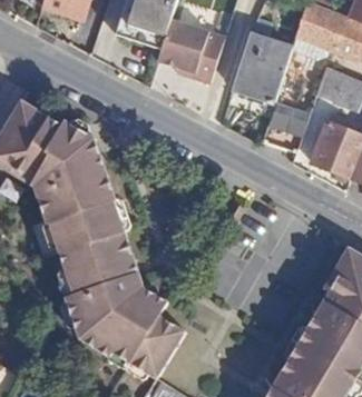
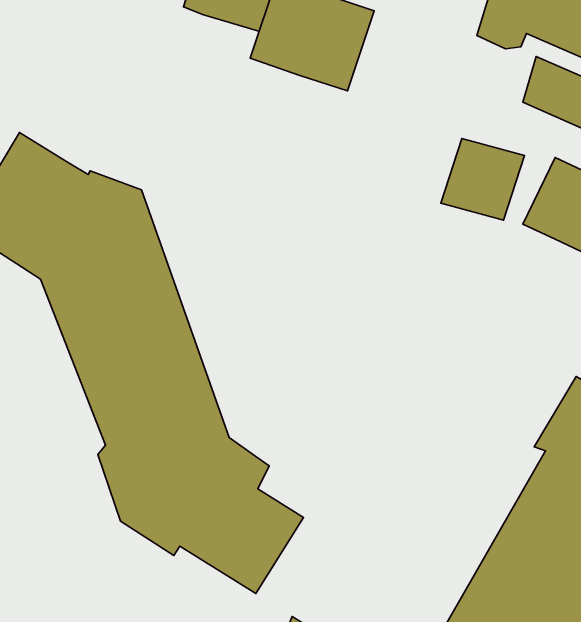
building: [232,36,287,100] -> none

